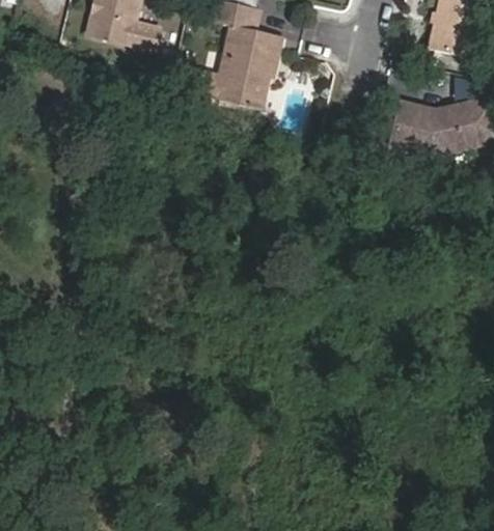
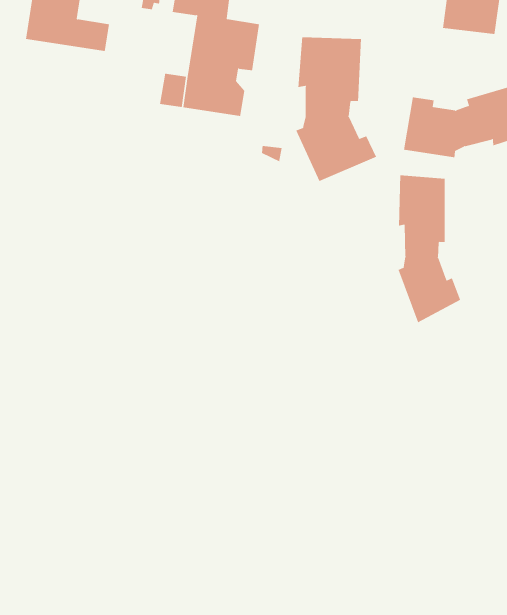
building: none -> [295,37,377,182]
building: none -> [398,174,461,323]

